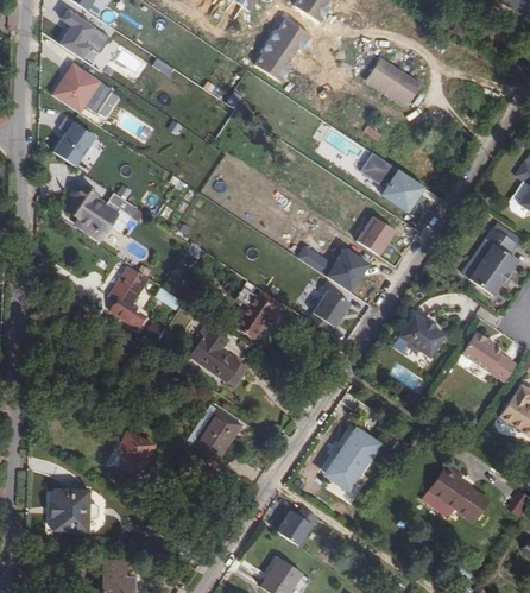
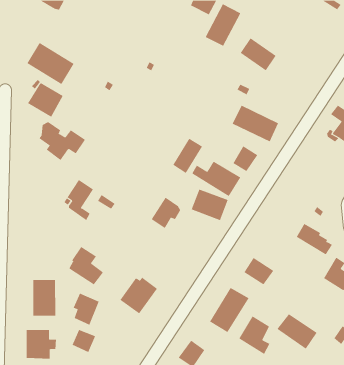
building: [59,8,109,57] -> none
building: [257,18,310,82] -> [205,3,241,47]
building: none -> [172,138,203,174]
building: [461,226,507,292] -> none
building: [392,313,437,354] -> [244,257,274,285]
building: [190,324,242,383] -> [69,246,104,285]
building: none -> [33,279,56,317]
building: none -> [239,316,270,355]
building: none -> [72,329,96,353]

